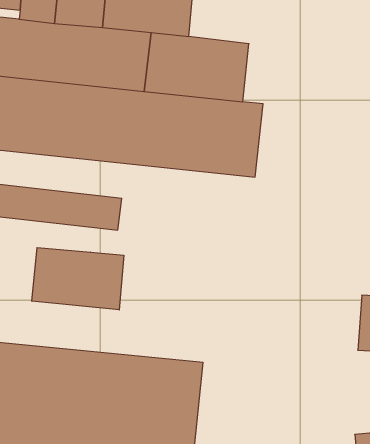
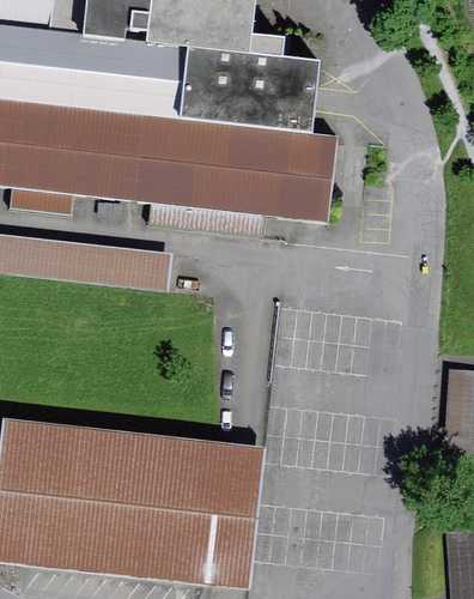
building: [32,248,124,310] -> none

